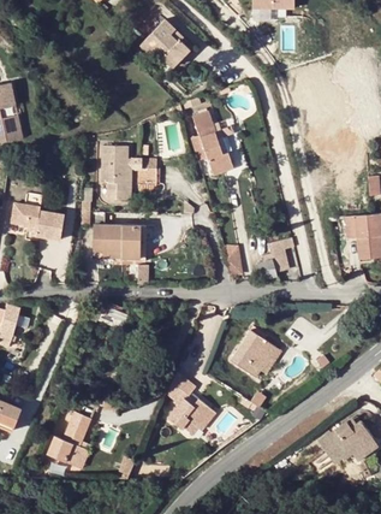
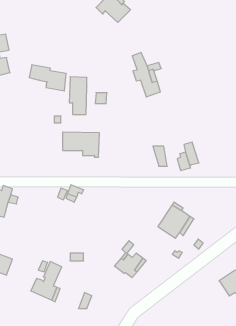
building: [11,203,64,241] -> [29,65,66,91]

